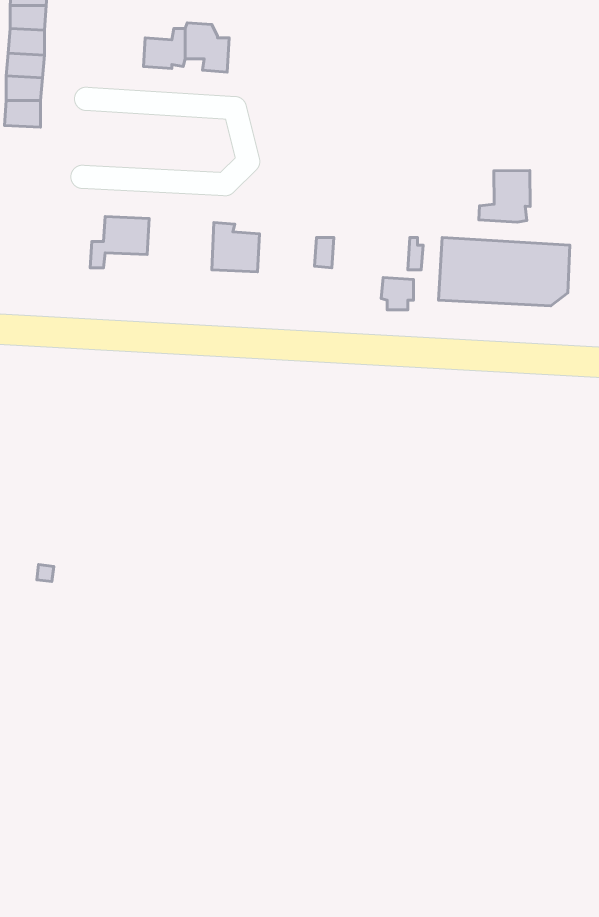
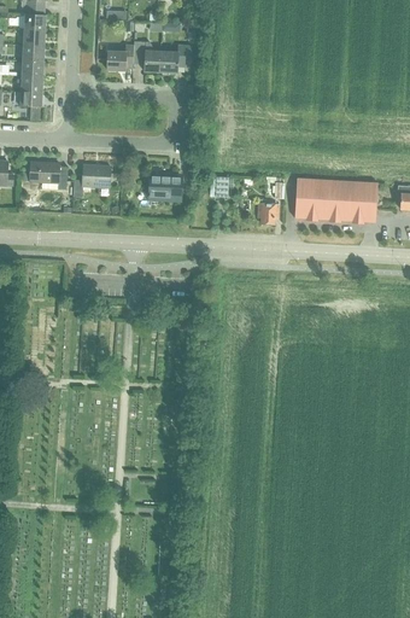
building: none -> [159,46,191,74]
building: [479,171,530,222] -> none
building: none -> [29,162,66,188]

